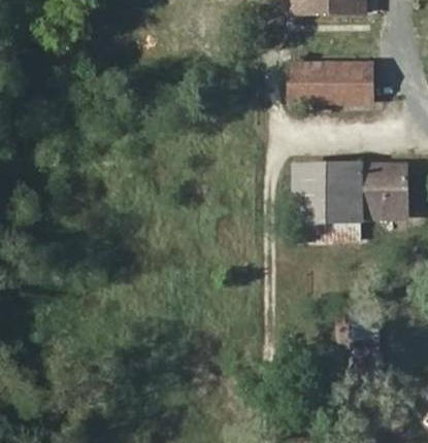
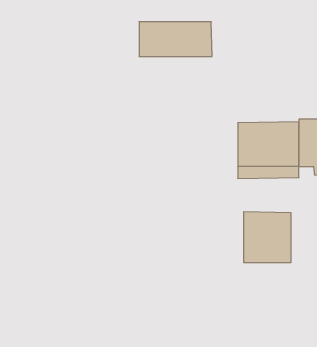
building: [291,63,373,102] -> [139,22,212,56]
building: none -> [244,212,291,263]

